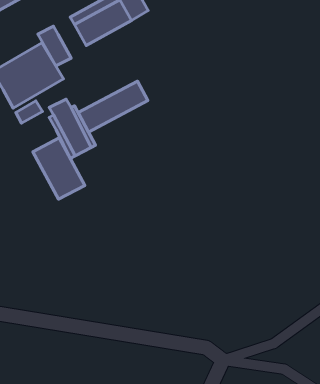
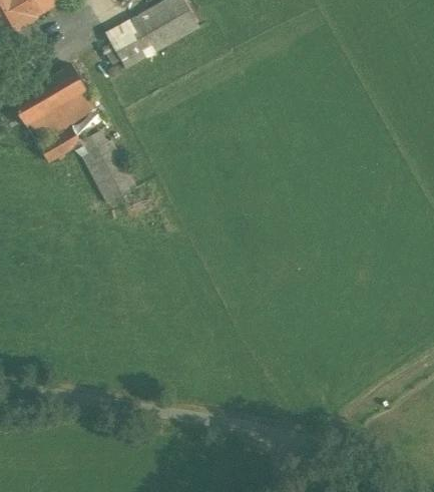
building: [38,26,71,66] -> none
building: [78,81,148,132] -> none
building: [33,138,85,199] -> none

